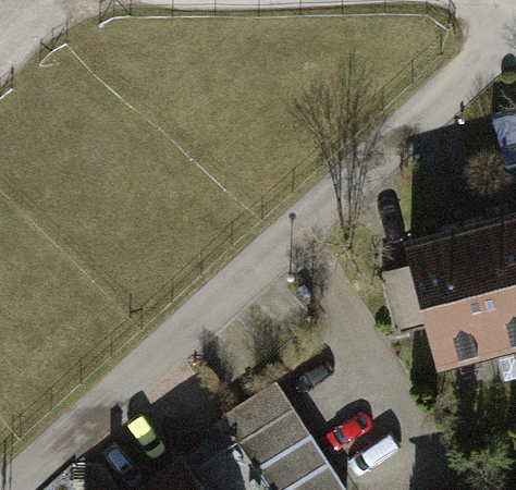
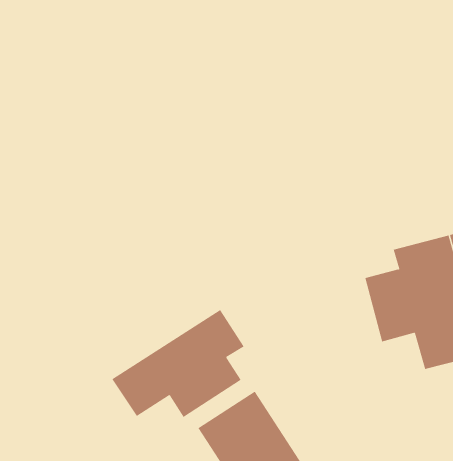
building: none -> [111,309,245,418]

